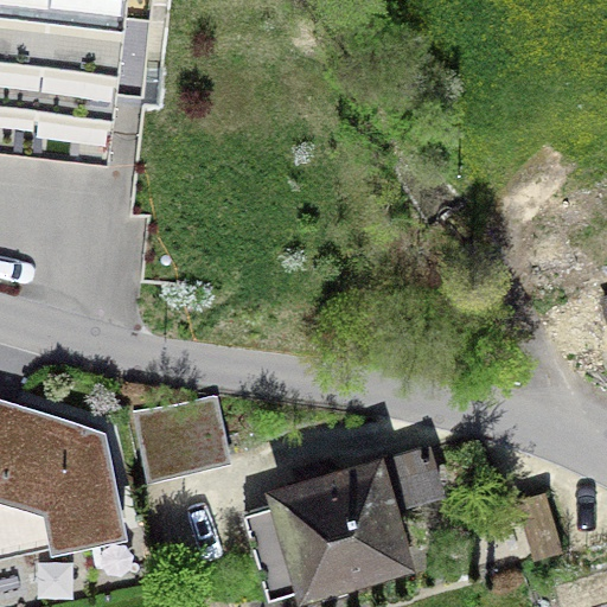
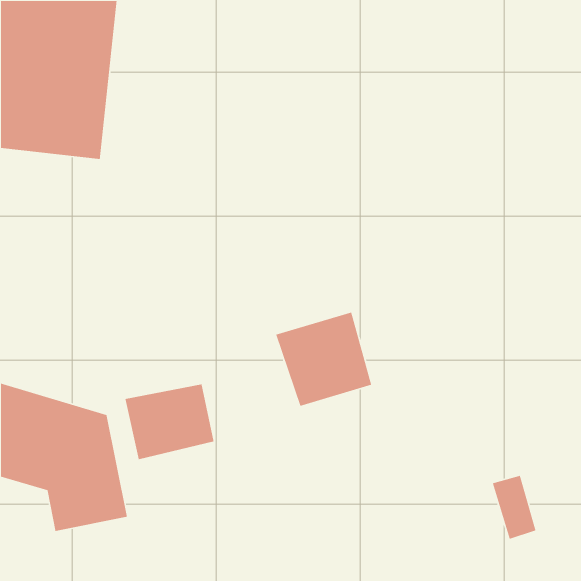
building: none -> [275,311,372,407]
building: [241,454,436,601] -> none

